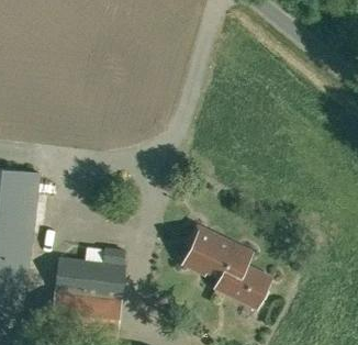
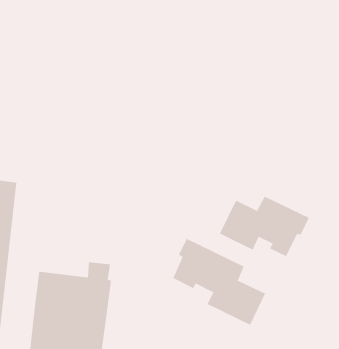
building: none -> [219,196,309,257]

